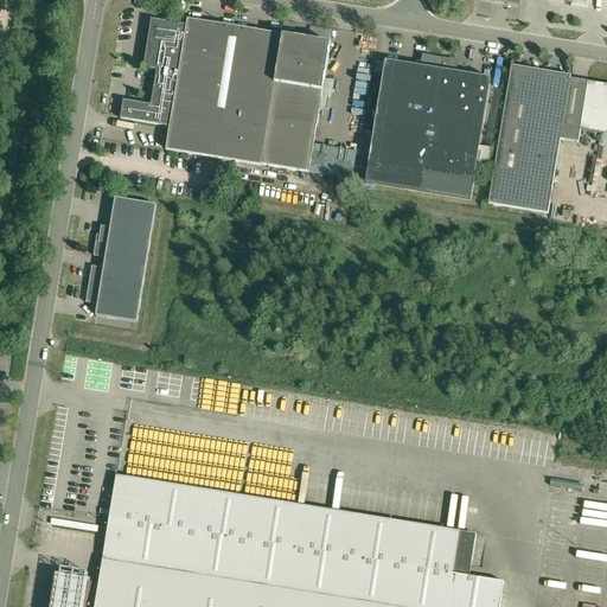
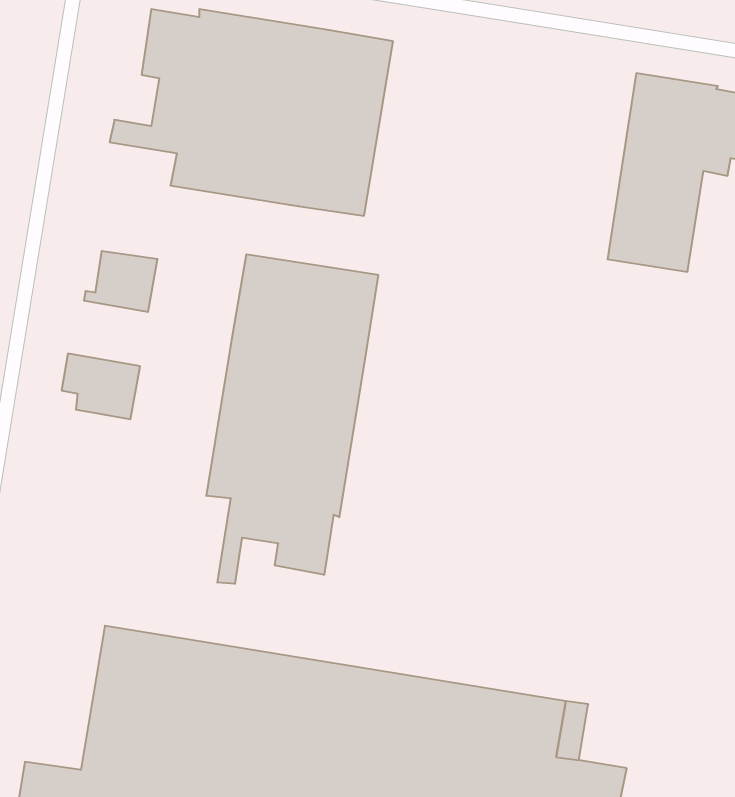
building: [364,55,490,199] -> none
building: none -> [206,254,378,584]
building: [89,232,148,282] -> none

